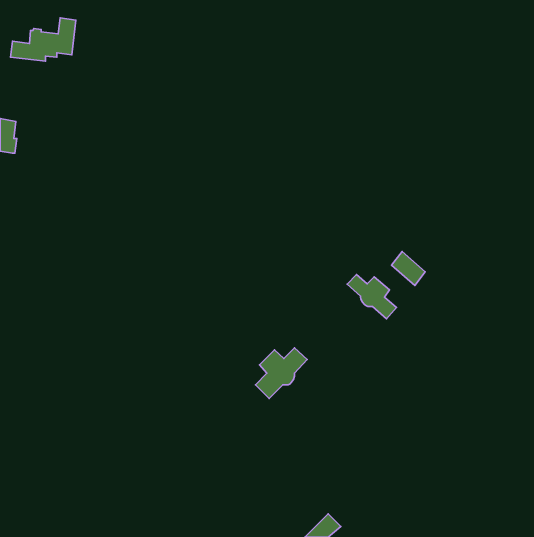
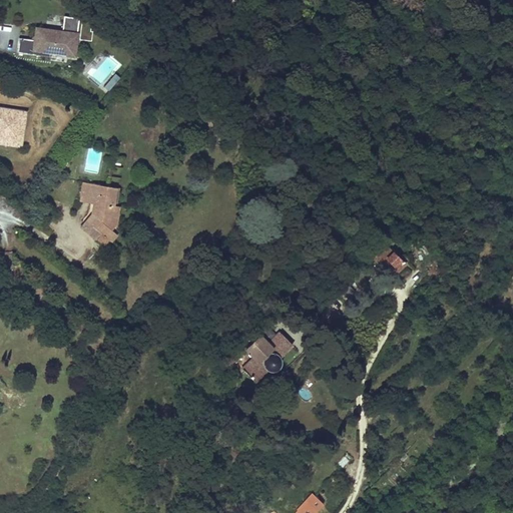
building: none -> [81,184,116,247]
building: [347,274,396,319] -> none

